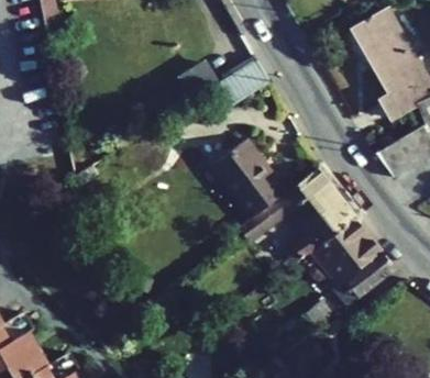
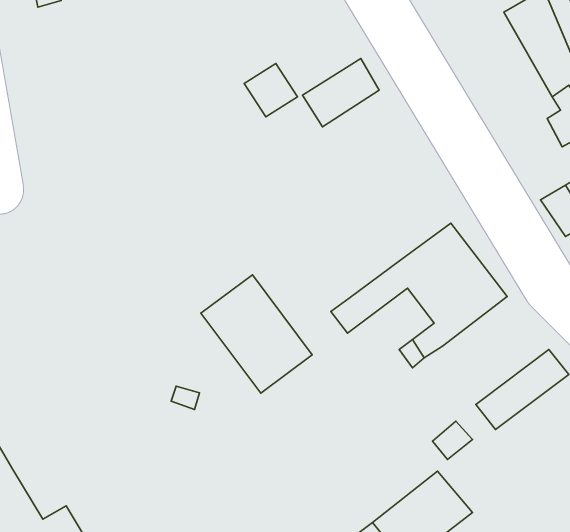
building: [211,140,285,218] -> [201,275,312,393]
building: [312,216,383,285] -> none

